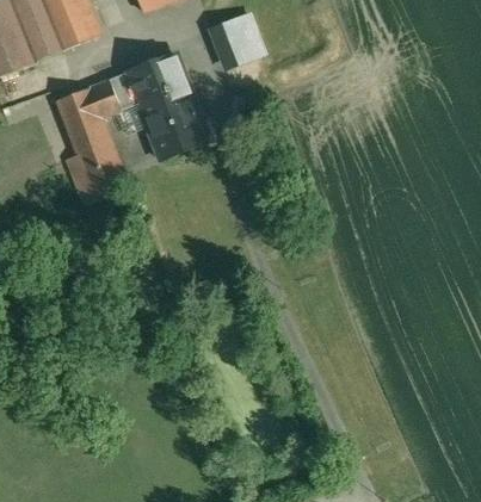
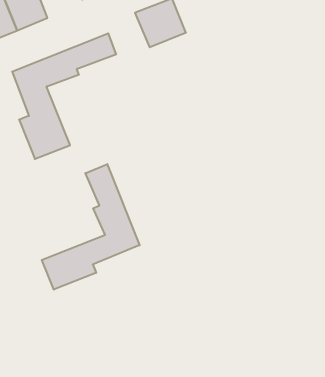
building: [136,78,209,159] -> none
building: none -> [42,164,140,290]

